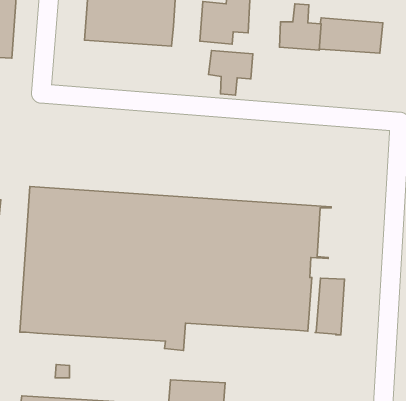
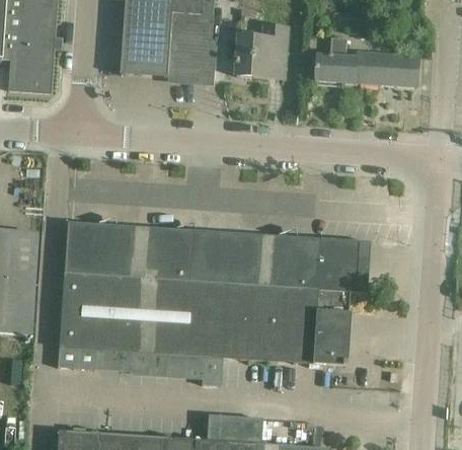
building: [209,51,253,95] -> none
building: [315,278,345,335] -> none

